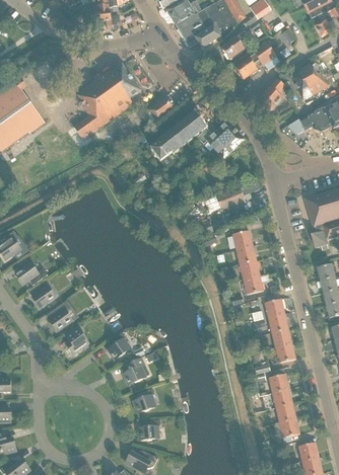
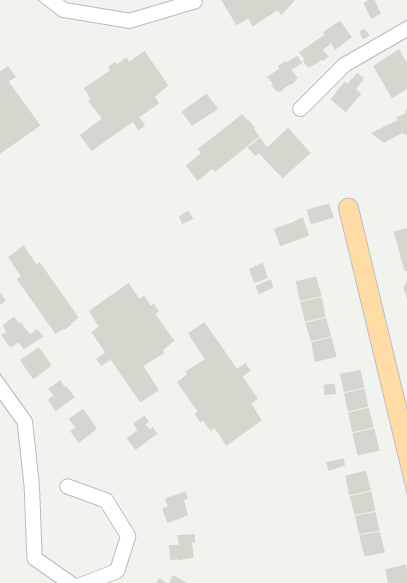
building: [220,31,248,60] -> [266,55,303,93]
building: none -> [7,244,79,335]
building: none -> [88,282,176,403]
building: none -> [176,321,263,447]
building: [123,359,149,384] -> none

